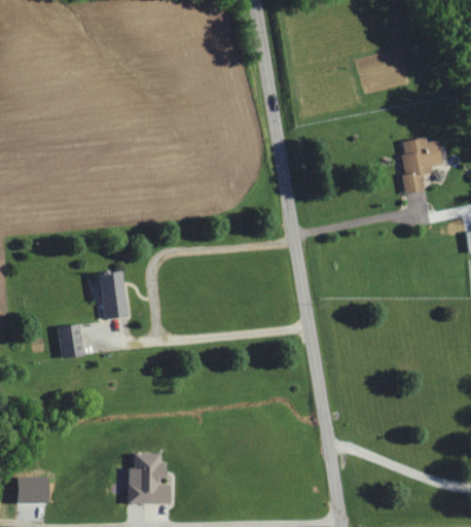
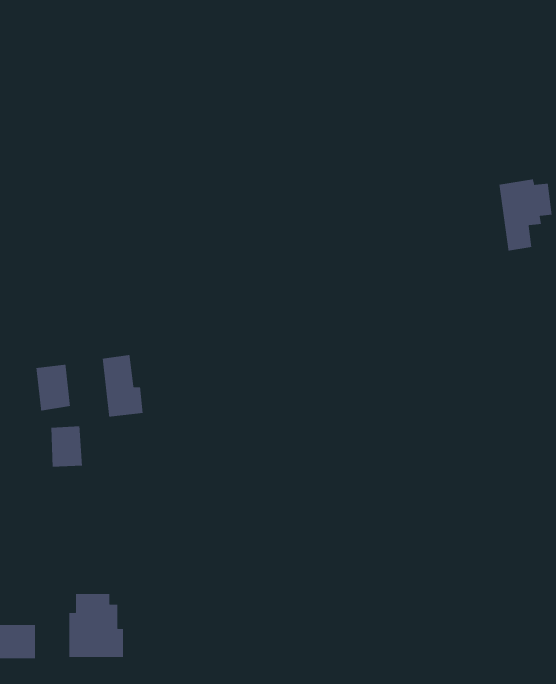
building: none -> [36,364,71,411]
building: [128,454,170,503] -> [68,593,124,658]

